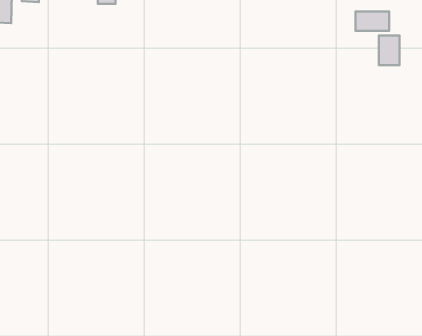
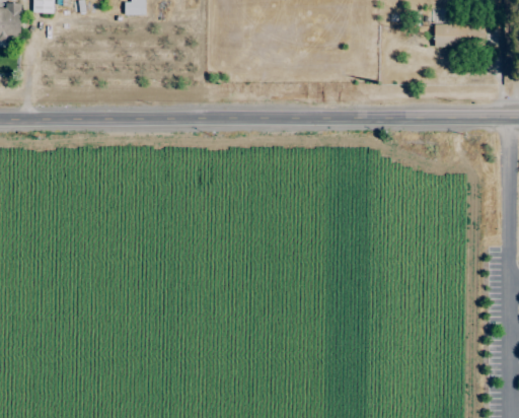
building: [379,35,399,65] -> none

